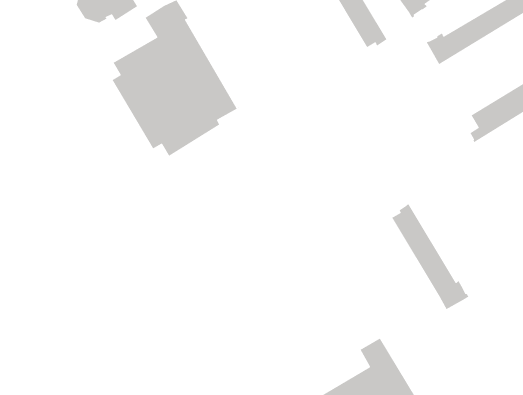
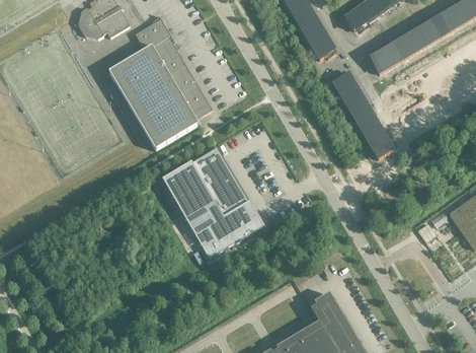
building: none -> [163,144,263,256]
building: [391,203,470,310] -> [332,67,397,156]

